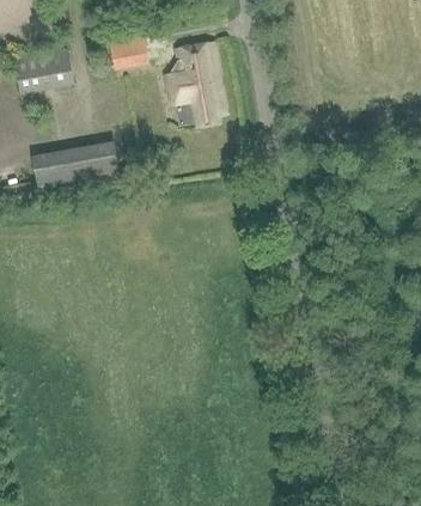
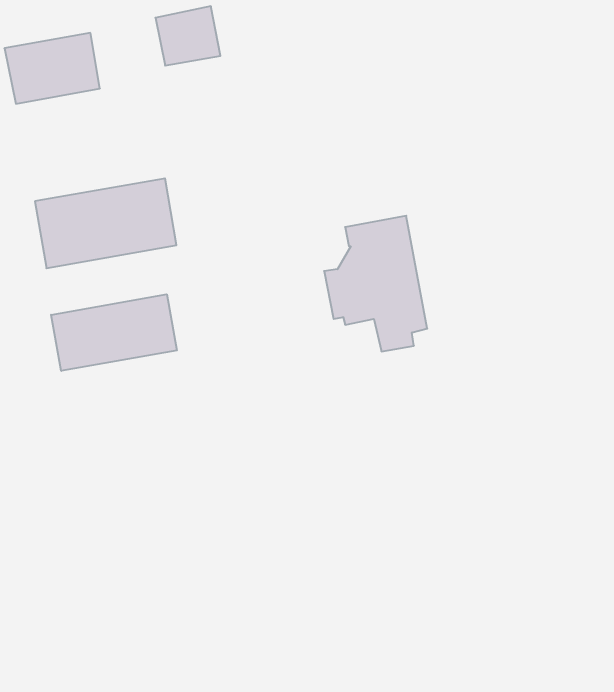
building: [163,38,227,123] -> [324,216,427,351]
building: none -> [51,294,177,371]

